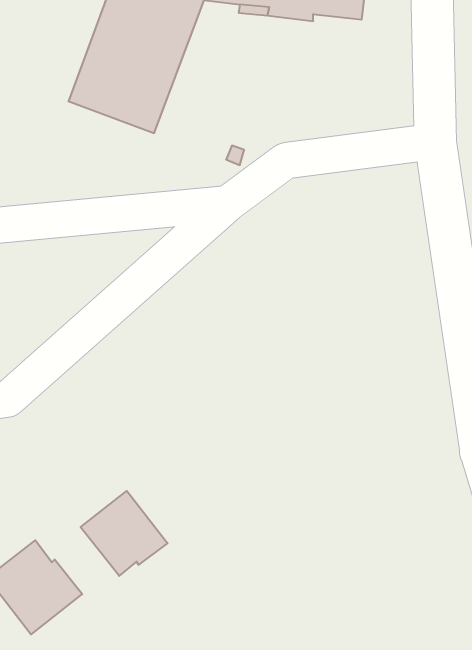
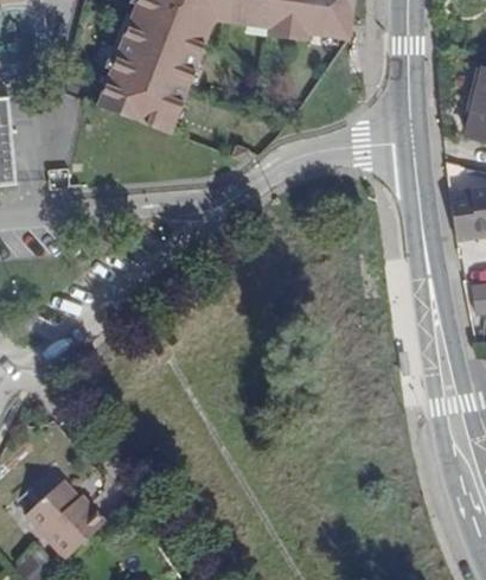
building: [81,491,168,576] -> none

